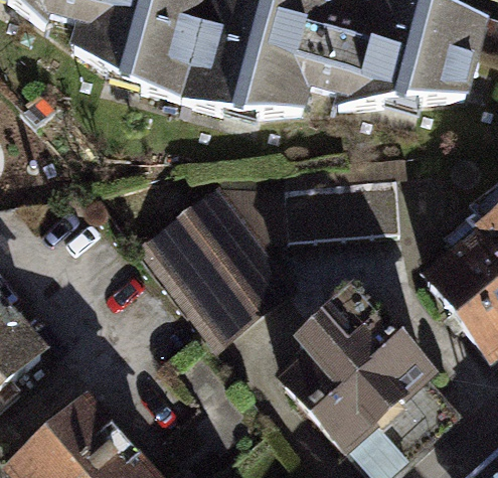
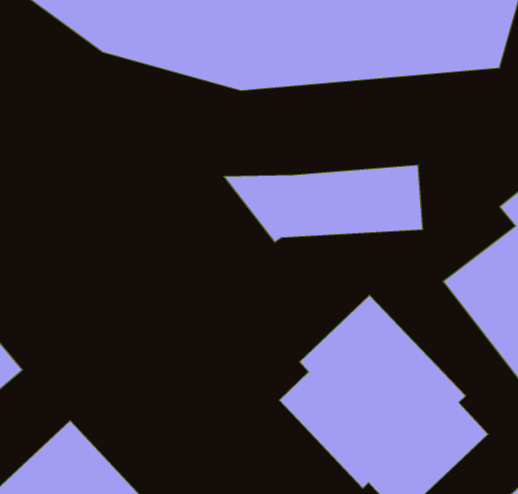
building: [147,180,302,340] -> none

